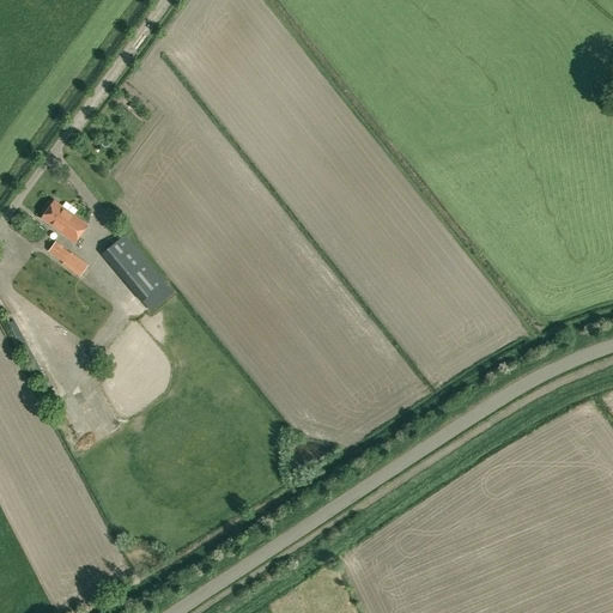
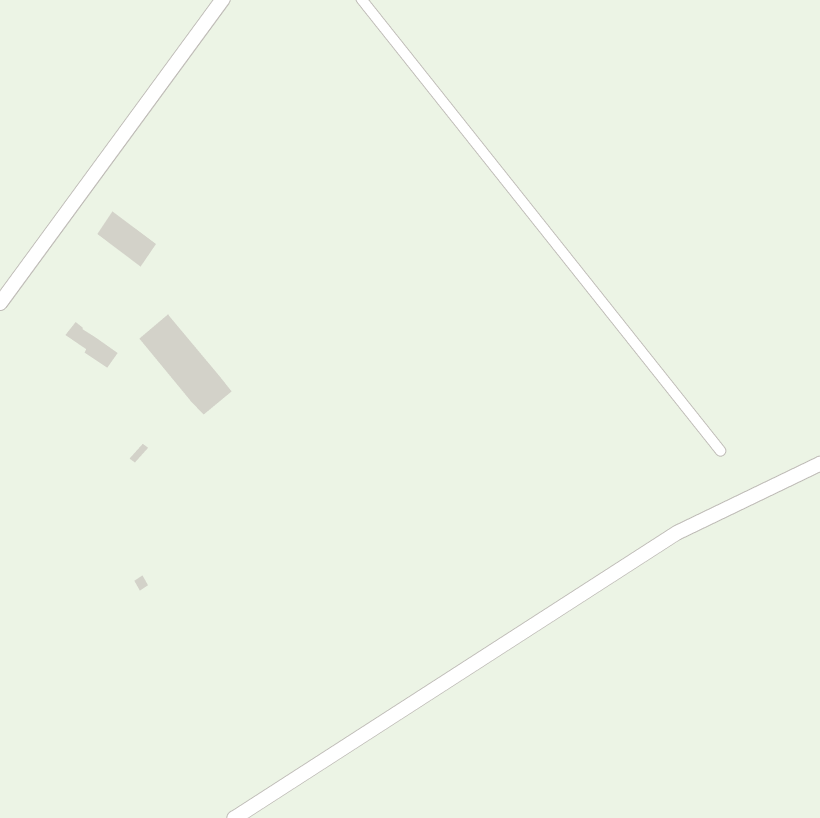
building: [42,199,87,242] -> [96,210,157,268]

